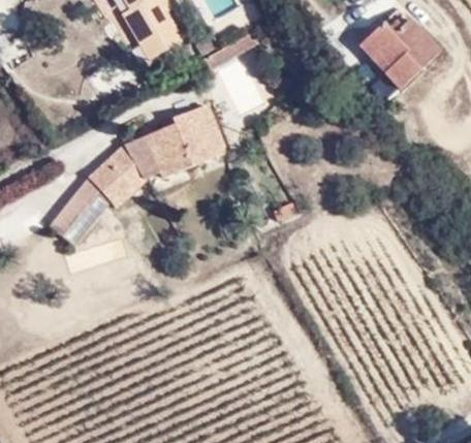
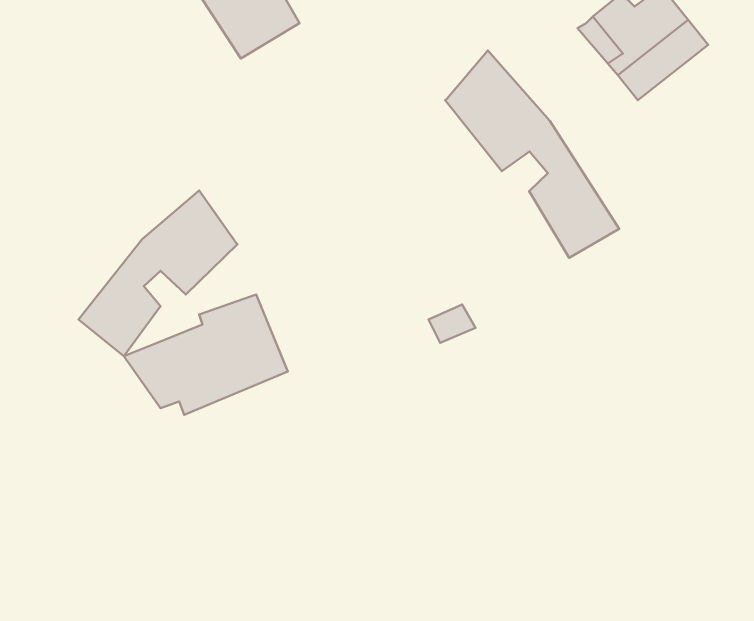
building: none -> [445,50,619,258]
building: [124,105,225,180] -> [124,294,288,415]

